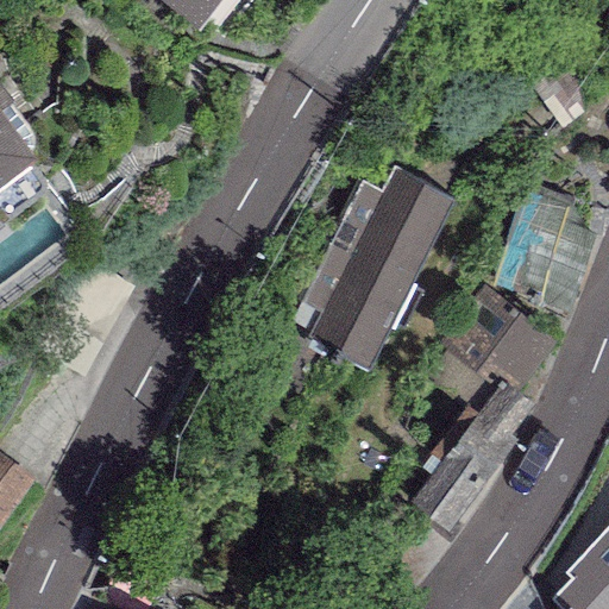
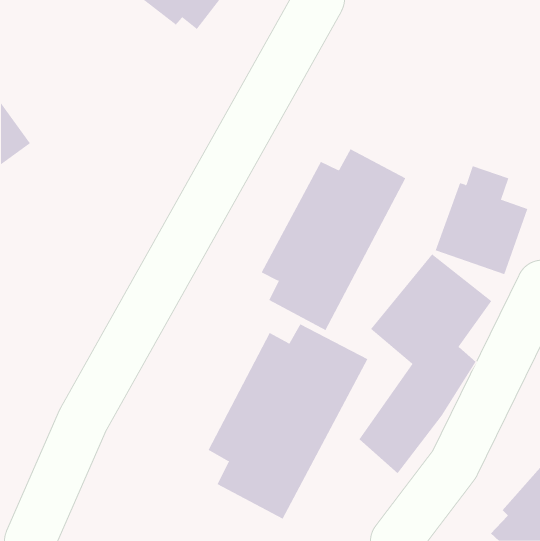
building: none -> [208,323,368,520]

